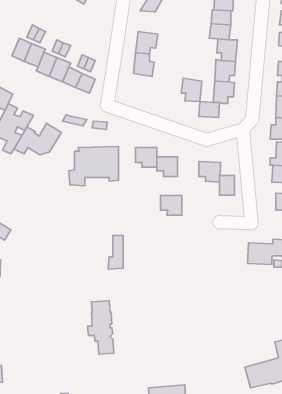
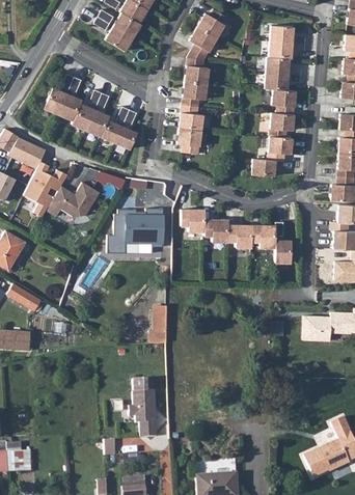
building: none -> [185,58,208,84]
building: [181,78,202,102] -> [177,128,200,154]
building: [160,195,182,215] -> [228,225,252,247]

